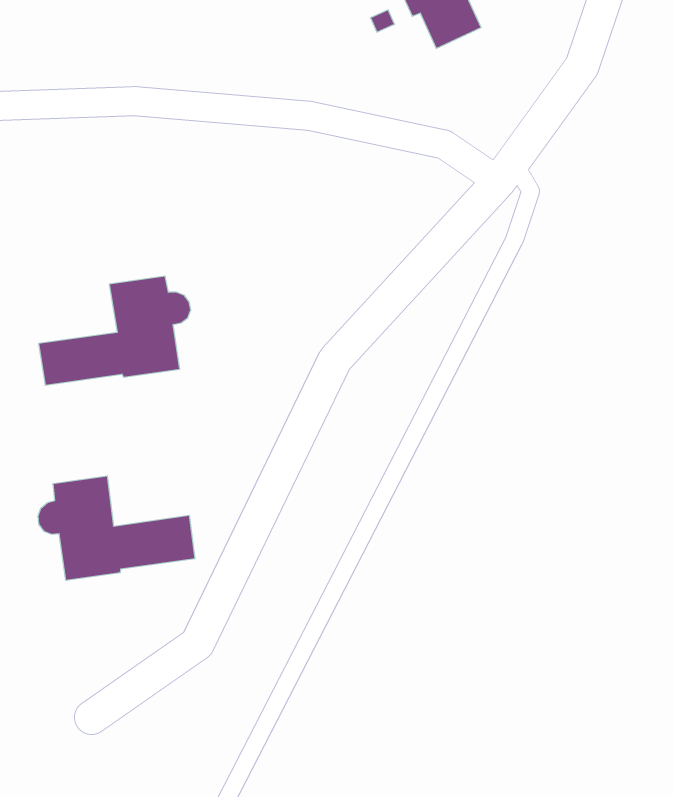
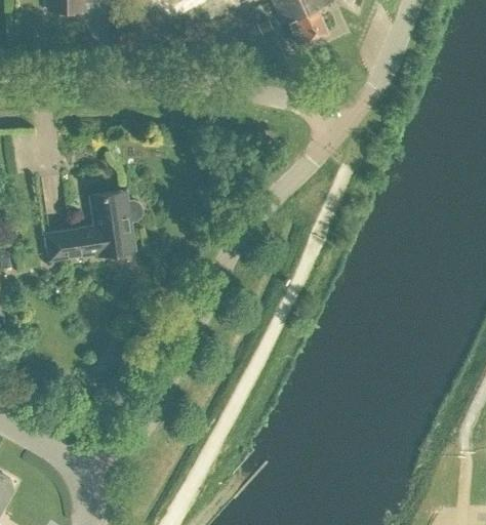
building: [38,476,195,580] -> none

